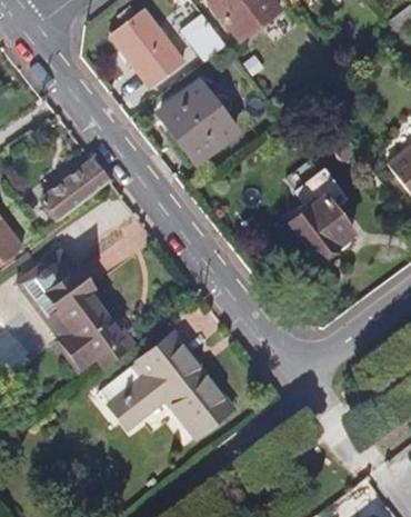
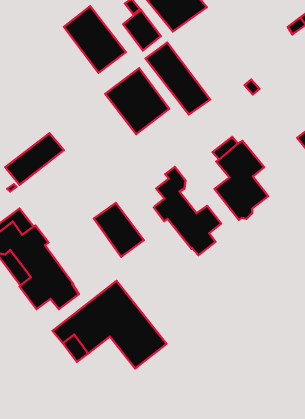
building: none -> [146,42,210,115]
building: none -> [154,167,221,255]
building: none -> [94,203,144,257]

